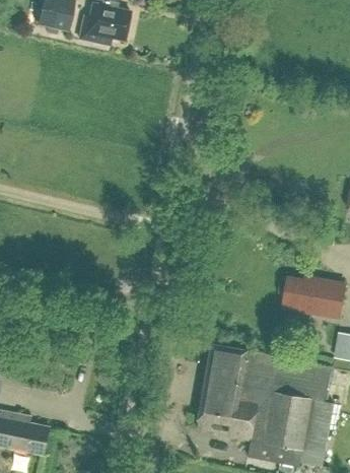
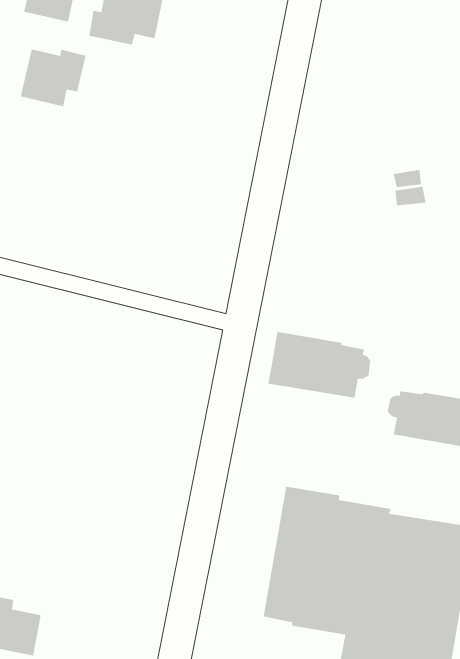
building: none -> [20,49,86,107]
building: none -> [268,331,371,399]

